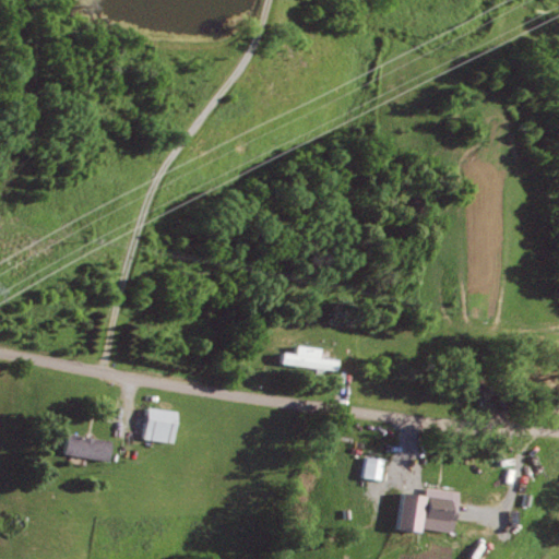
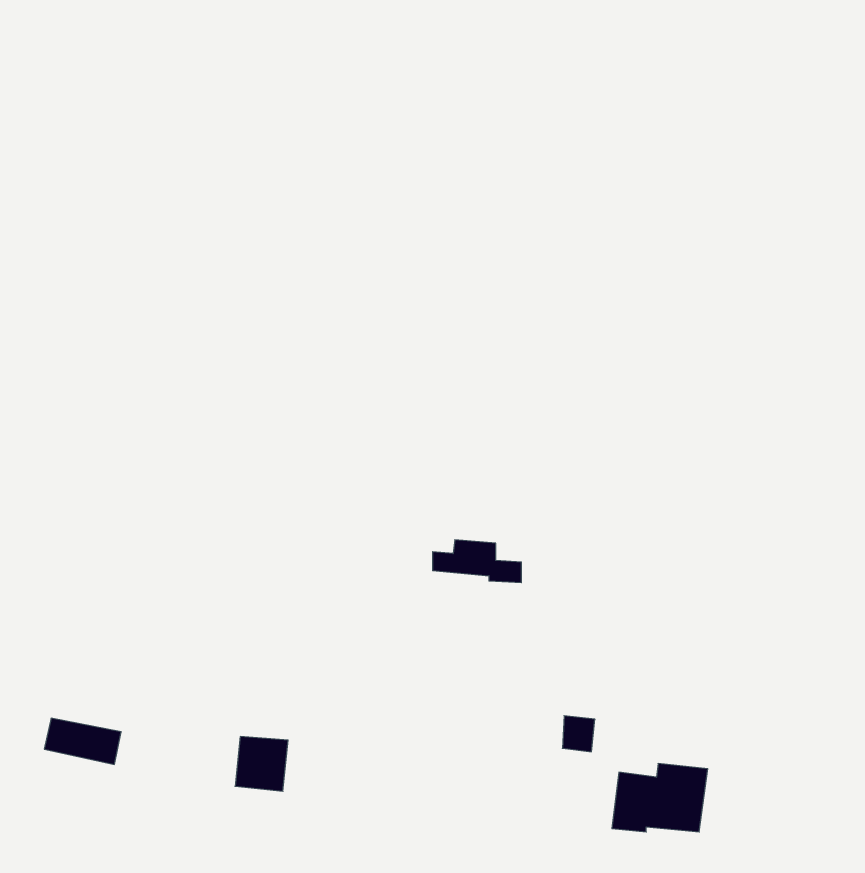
building: [144,408,178,443] -> [235,737,288,791]
building: [63,433,112,463] -> [44,718,121,764]

